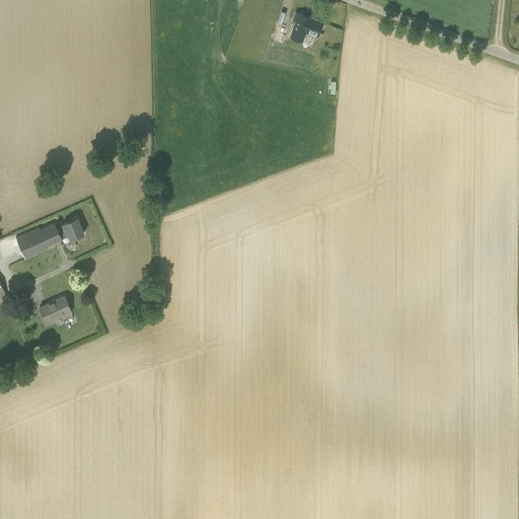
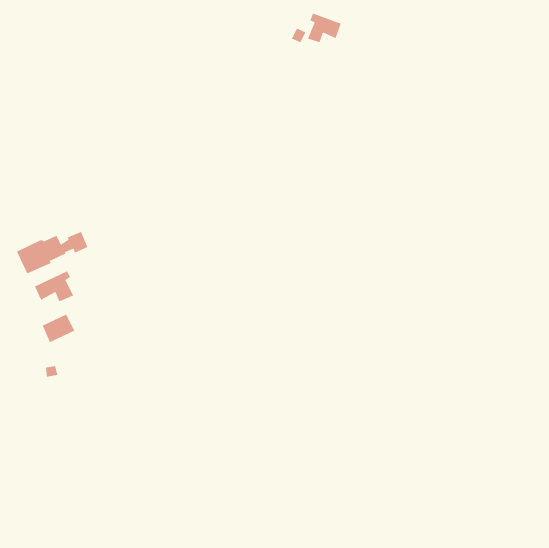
building: none -> [34,271,74,302]

